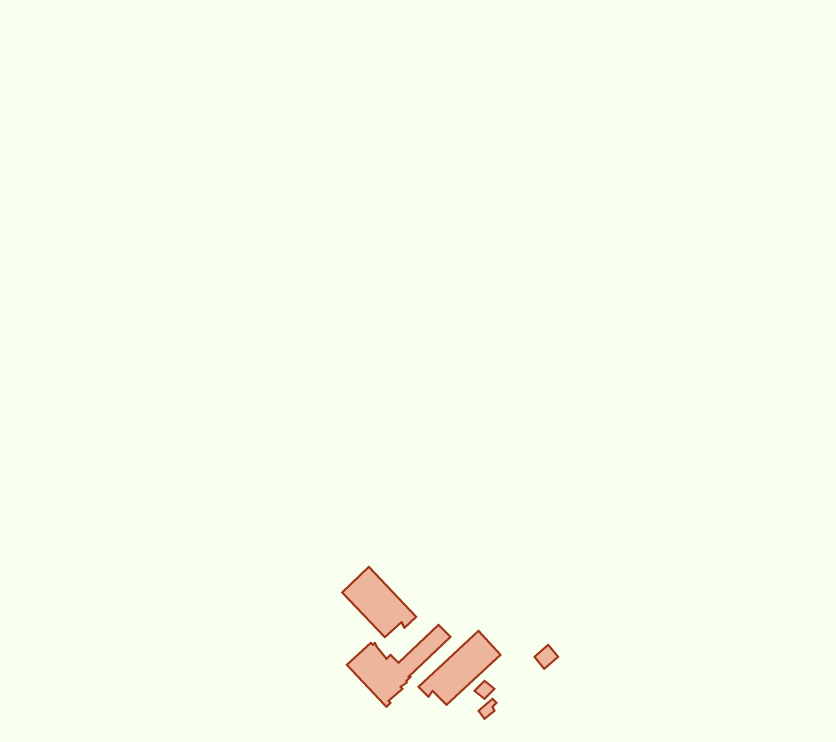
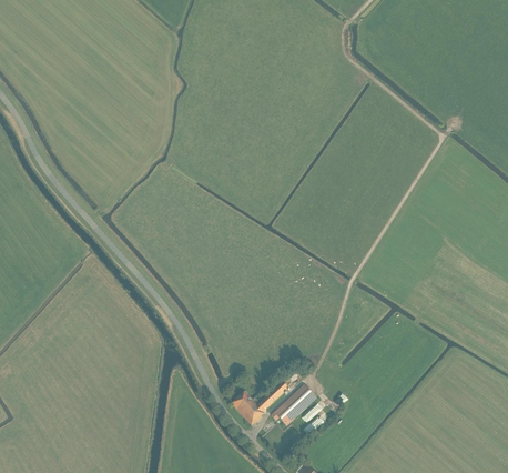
building: [342,567,416,637] -> none

